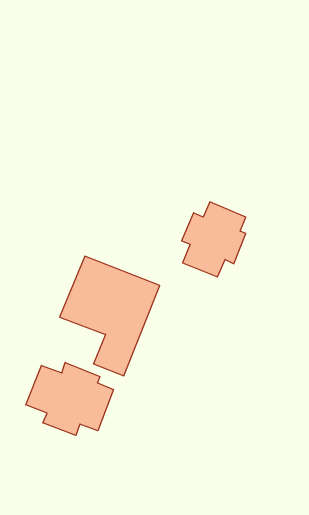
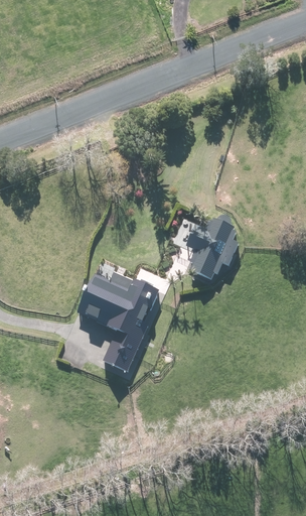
building: [26,362,113,435] -> none

